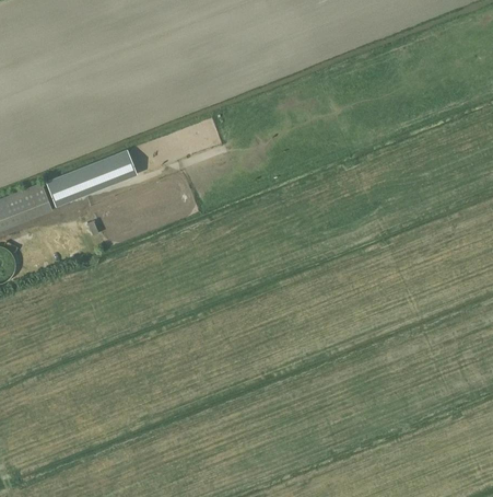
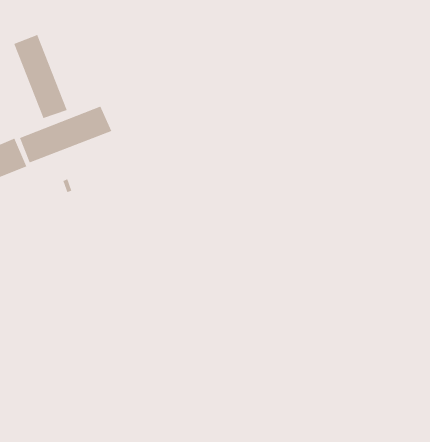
building: none -> [14,34,68,119]

